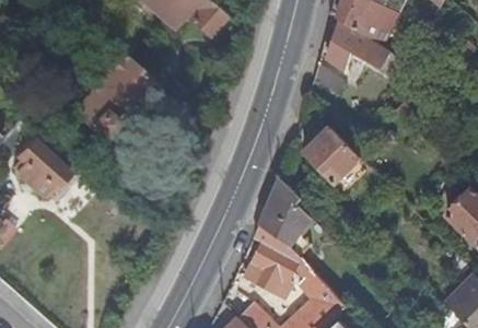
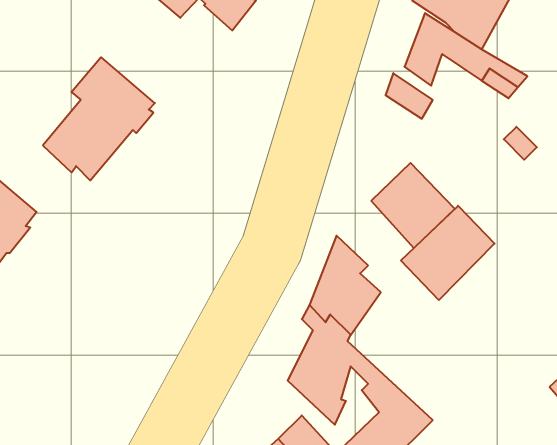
building: none -> [401,206,495,300]

